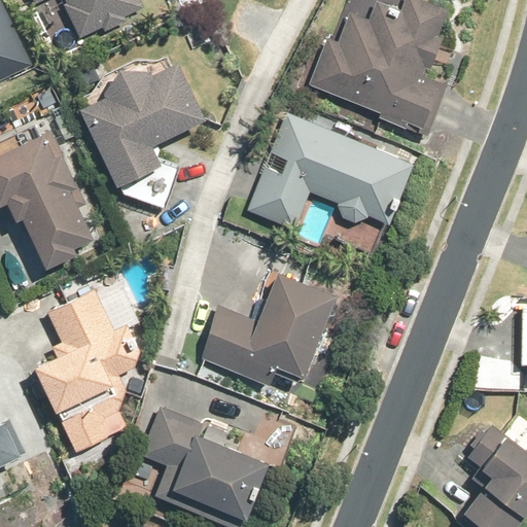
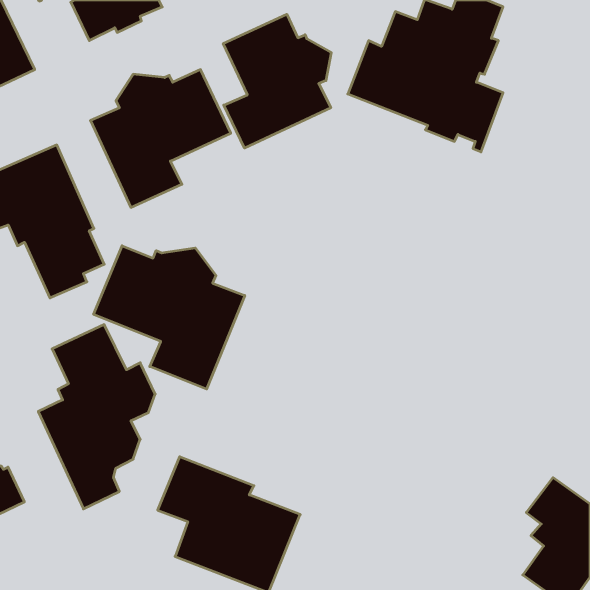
building: none -> [223,14,331,148]
building: [247,113,413,229] -> none
building: none -> [94,246,245,389]
building: [197,272,335,385] -> none

